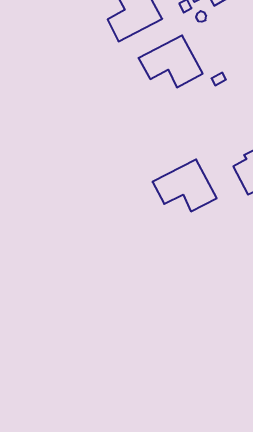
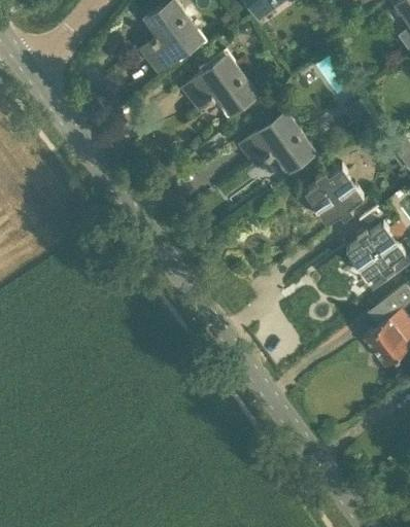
building: [152,159,217,211] -> [240,113,314,172]

